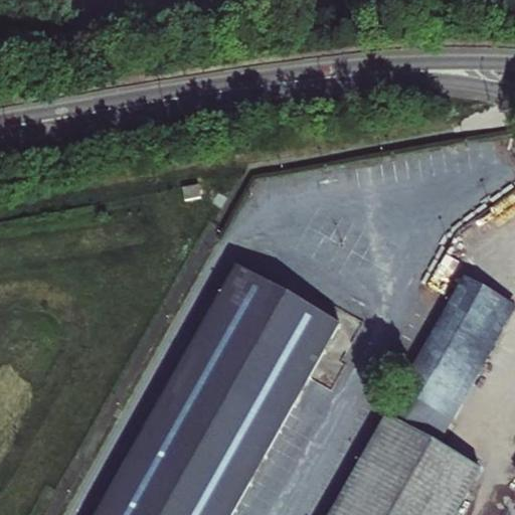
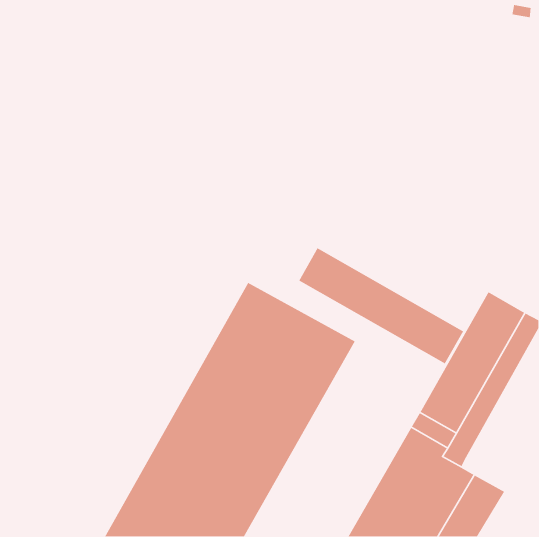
building: none -> [298,247,464,365]

